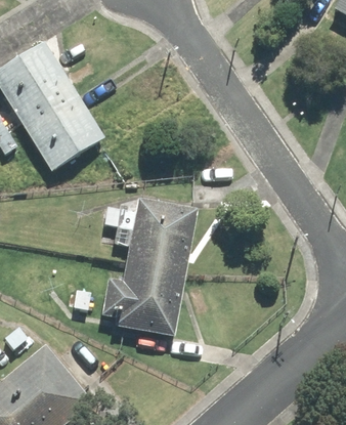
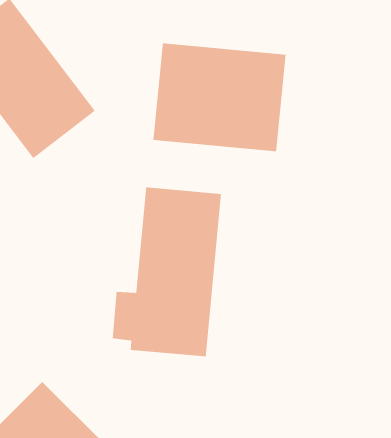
building: none -> [153,42,286,152]

